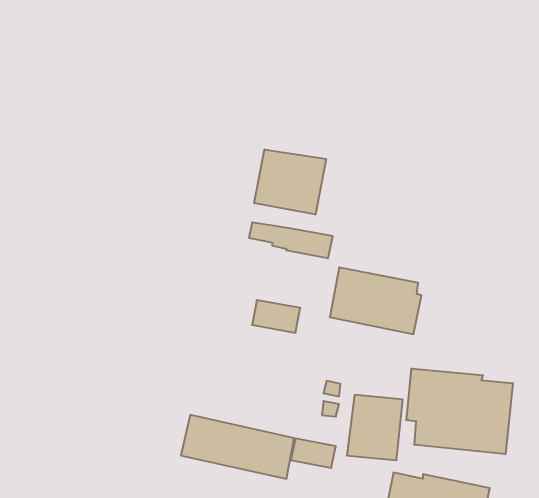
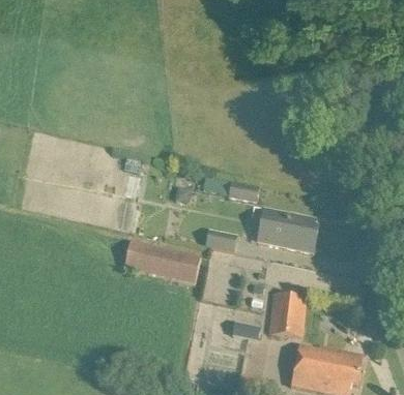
building: [254,149,326,215] -> none
building: [406,368,513,454] -> none
building: [181,415,294,479] -> [124,241,200,283]

